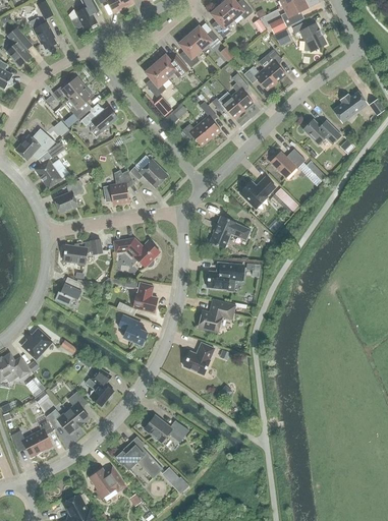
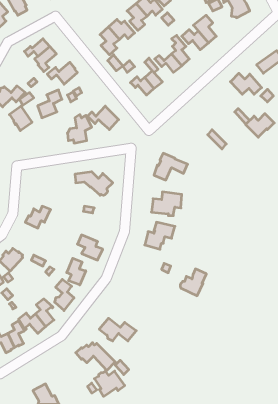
building: [270,149,304,177] -> [246,114,274,137]
building: [239,176,275,209] -> none
building: [54,179,84,213] -> [38,90,62,118]
building: [63,239,102,266] -> none
building: [132,283,157,312] -> none
building: [182,342,214,374] -> [180,269,206,296]
building: none -> [67,258,86,285]
building: [89,468,125,499] -> [94,371,125,396]

